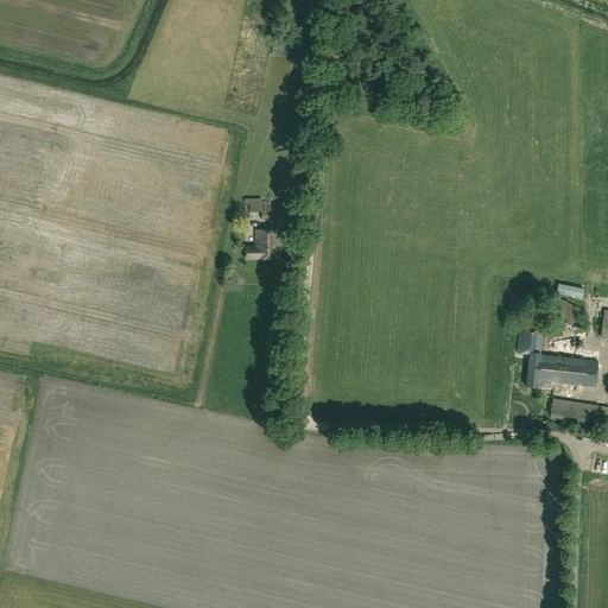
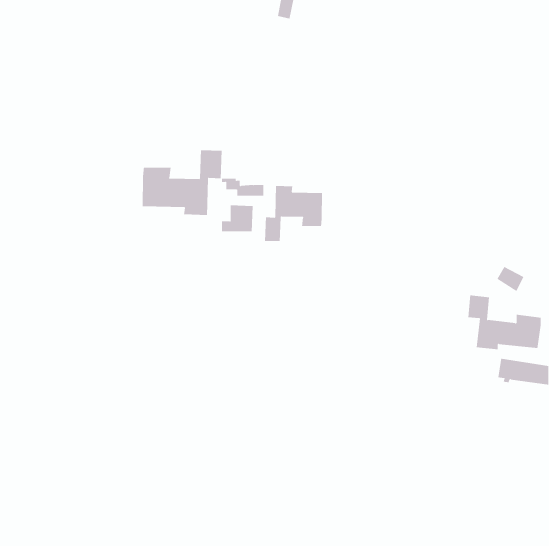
building: none -> [142,150,222,216]
building: none -> [265,185,323,242]

